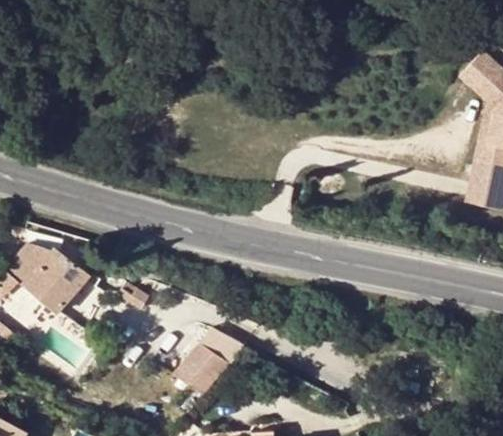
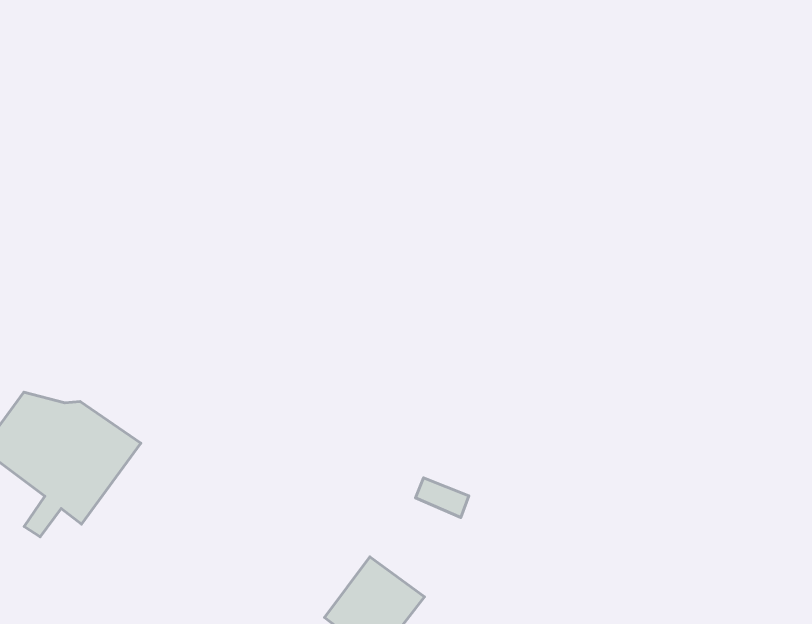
building: [202,325,243,365] -> none

